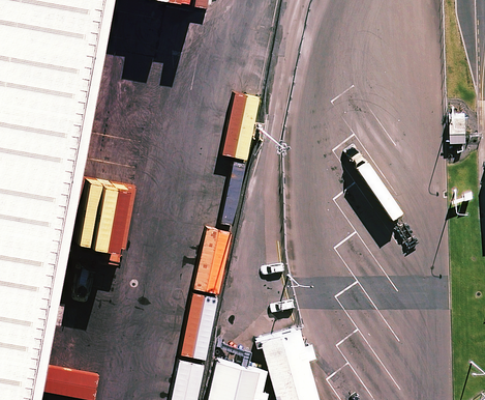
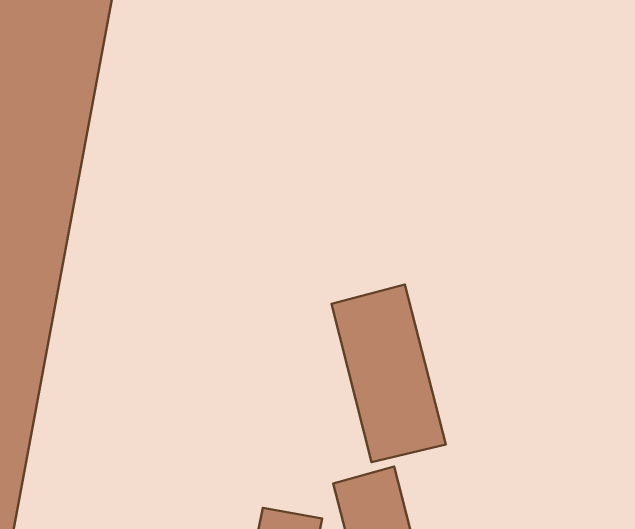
building: none -> [331,285,446,462]

